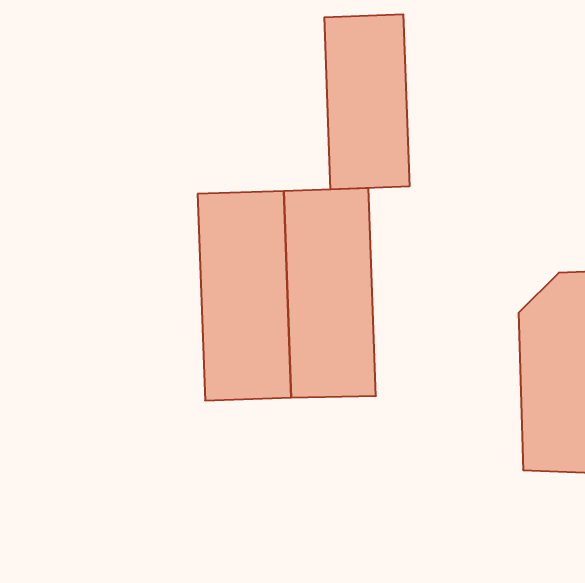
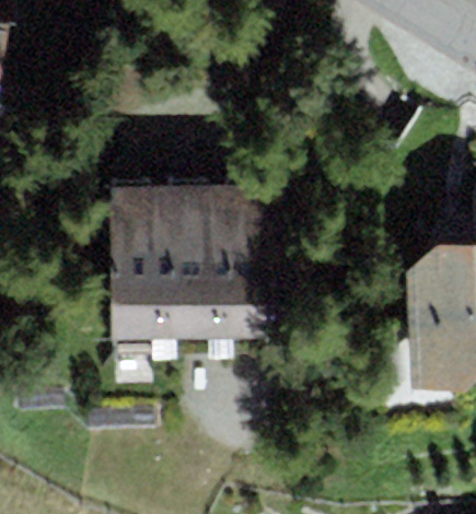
building: [324,14,409,189] -> none
building: none -> [108,187,176,342]

